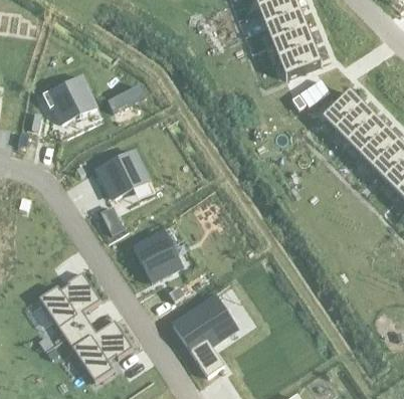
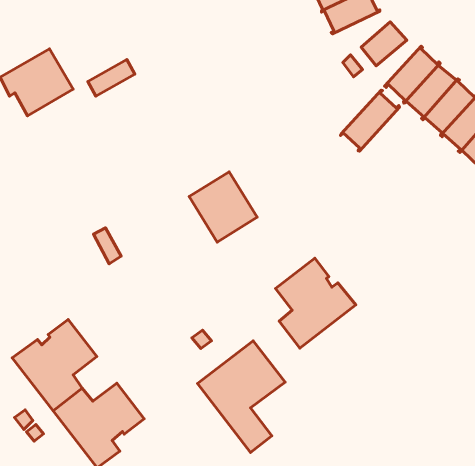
building: none -> [340,90,399,151]
building: [99,150,149,197] -> none
building: [133,230,181,280] -> [189,172,257,242]
building: none -> [275,258,356,348]

